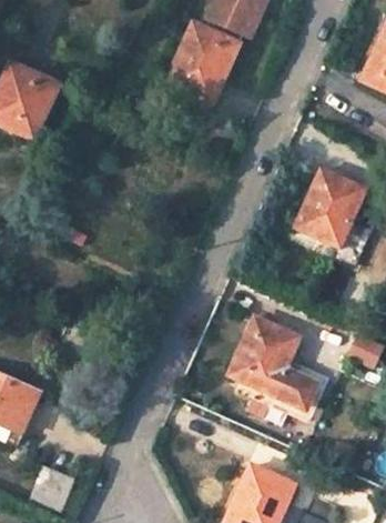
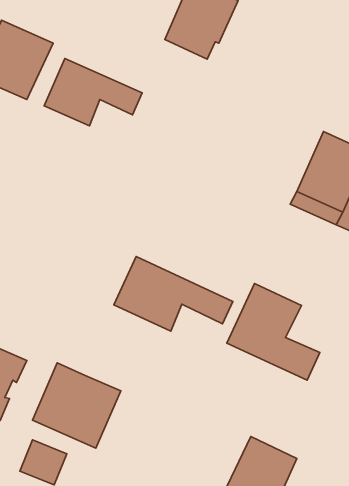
building: none -> [44,59,142,126]
building: none -> [114,257,233,331]
building: none -> [32,363,121,448]

